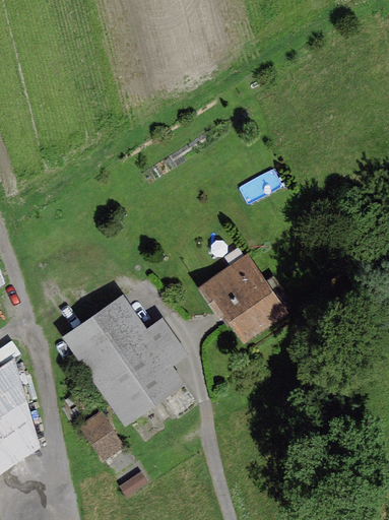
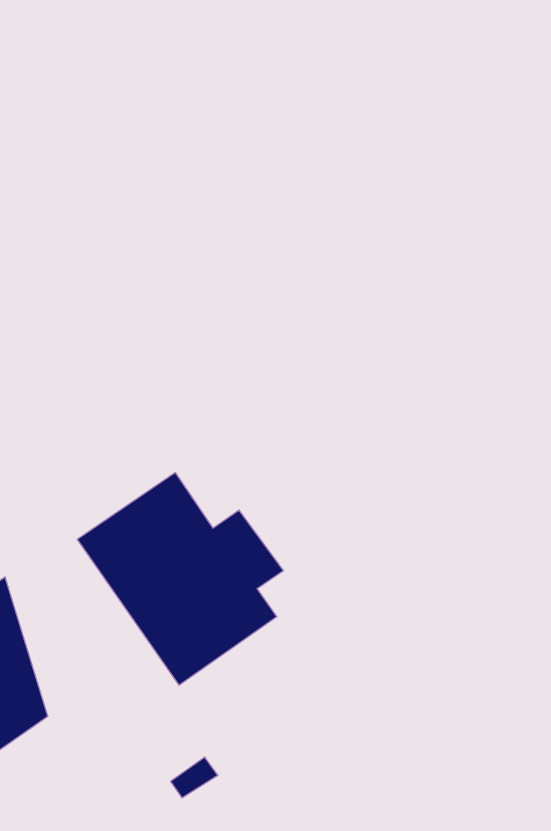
building: [195,253,285,342] -> none
building: [76,409,123,459] -> none

